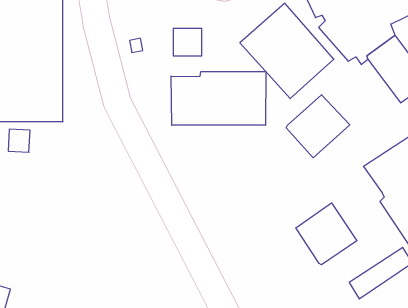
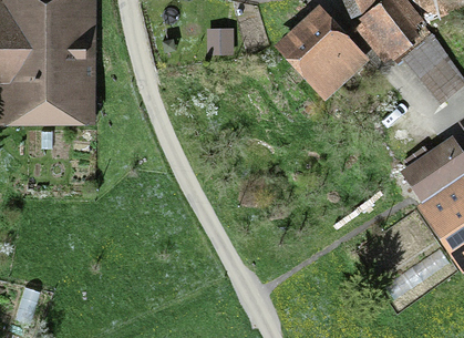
building: [171,71,266,125] -> none
building: [286,95,350,158] -> none
building: [296,203,357,265] -> none

